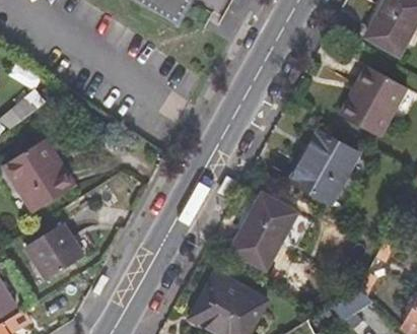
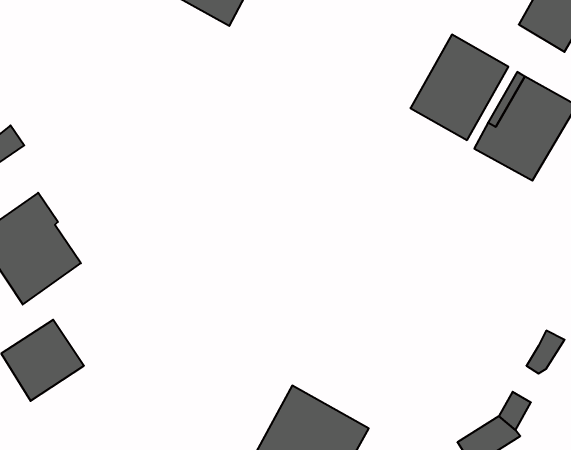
building: [292,128,357,198] -> [410,35,508,140]
building: [231,190,298,266] -> none

